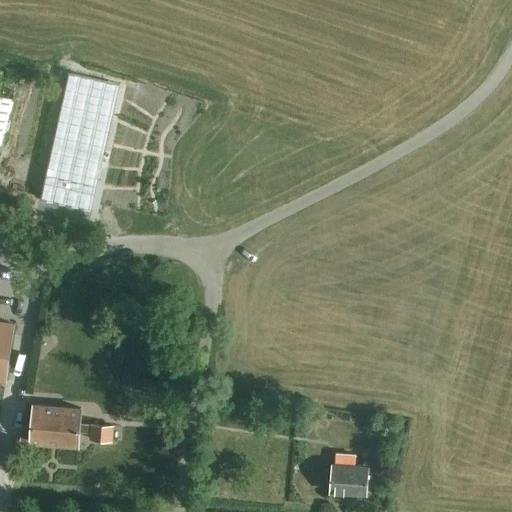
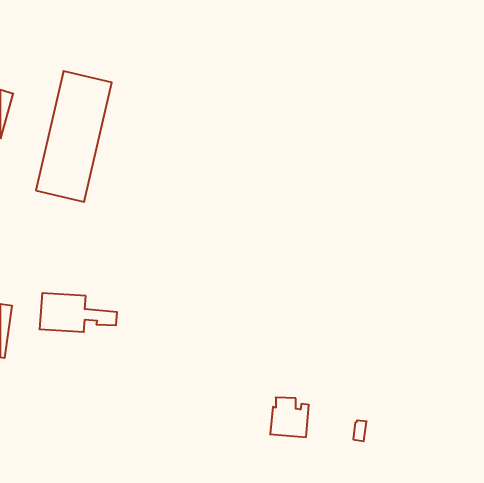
building: [30,406,112,447] -> [39,293,117,332]
building: [329,454,370,496] -> [270,397,309,437]

